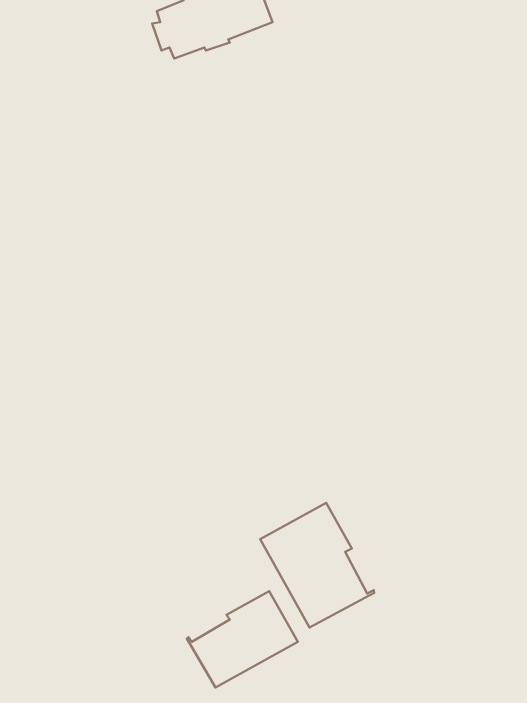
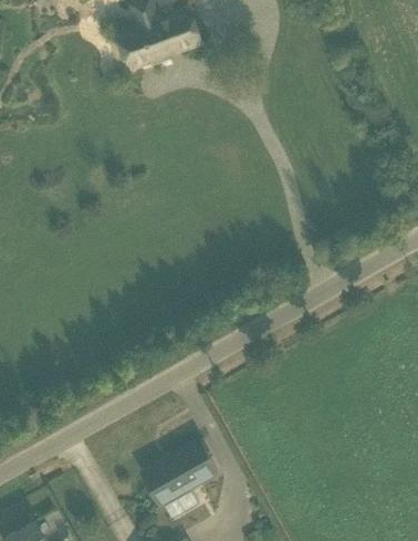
building: [260,503,374,628] -> none

